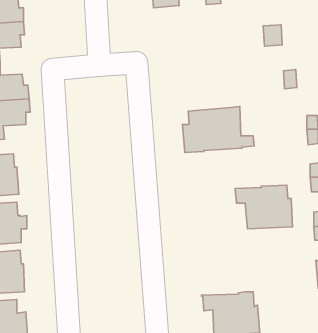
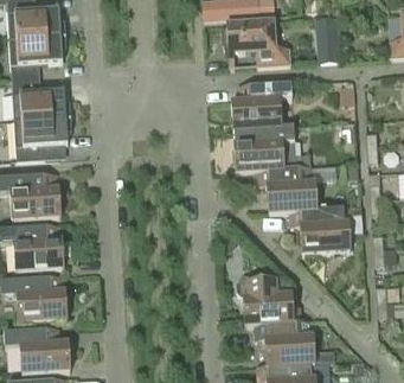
building: none -> [222,19,290,65]
building: none -> [231,82,291,129]
building: none -> [256,165,316,212]
building: none -> [236,274,300,325]

